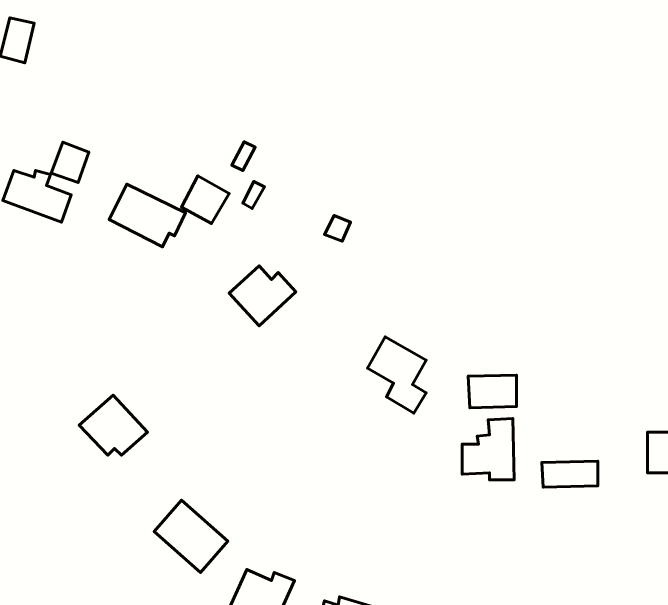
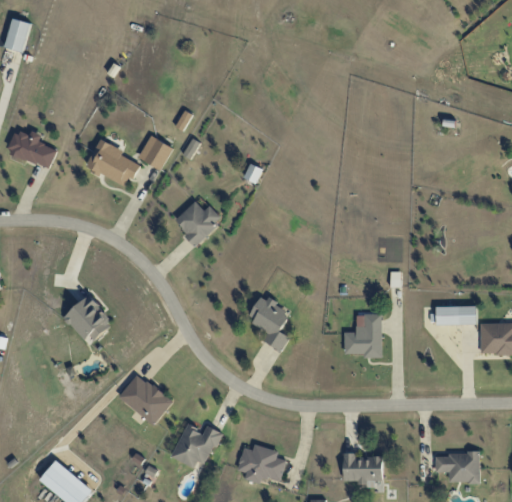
building: [51,142,89,182] -> none
building: [367,337,426,413] -> [247,296,290,352]
building: [468,375,517,408] -> none
building: [542,461,598,487] -> [435,306,476,325]

